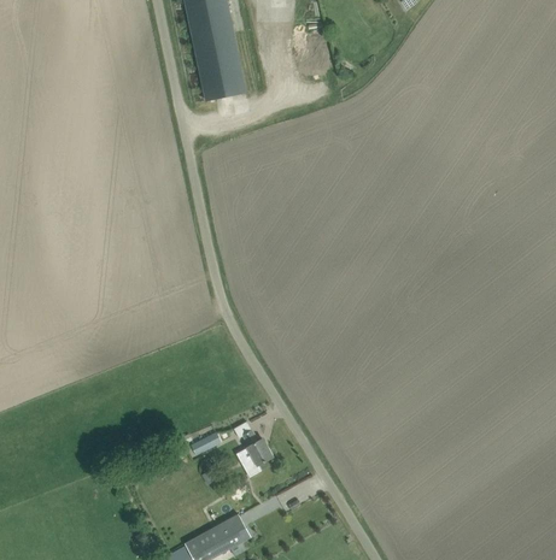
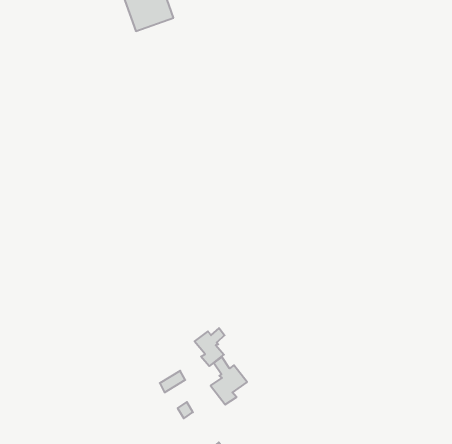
building: none -> [195,328,225,366]

